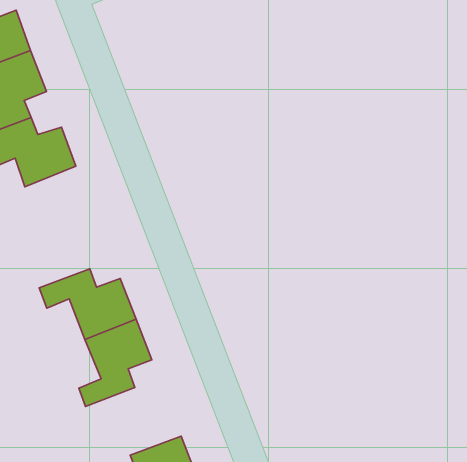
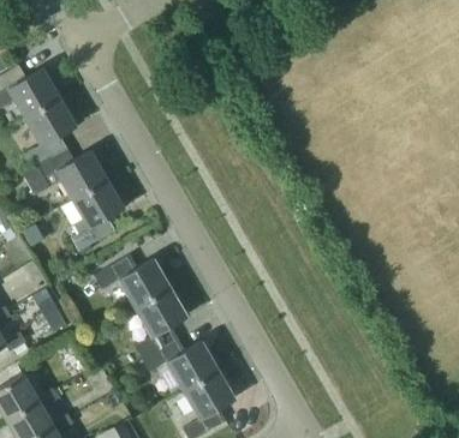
building: none -> [71,179,124,251]
building: none -> [143,338,219,390]

